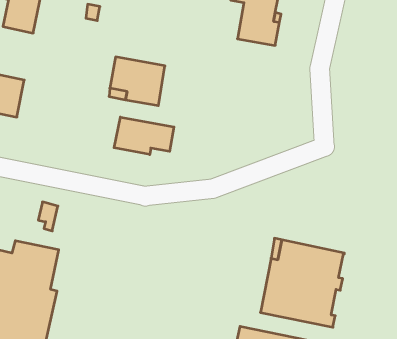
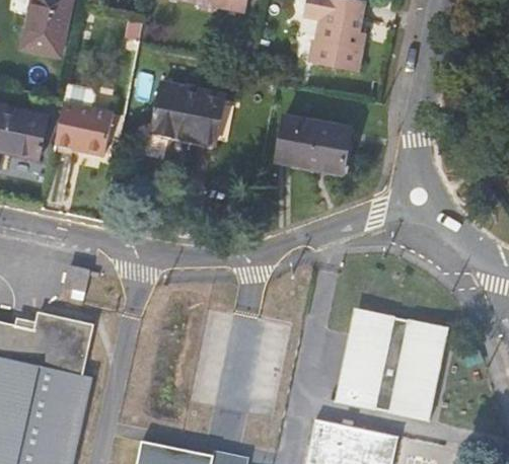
building: none -> [56,102,113,169]
building: none -> [278,113,354,170]
building: [114,117,174,155] -> none

